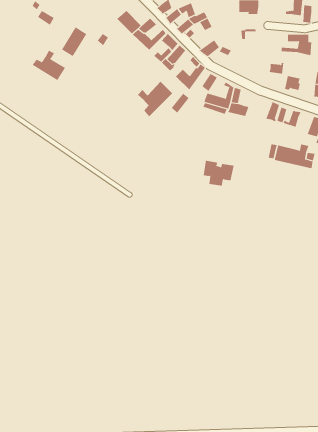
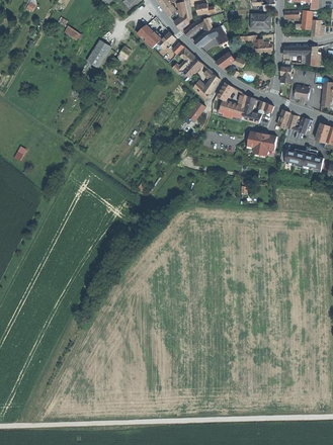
building: [32,50,66,81] -> none
building: [137,81,173,117] -> none
building: [203,160,234,186] -> [247,131,276,156]

